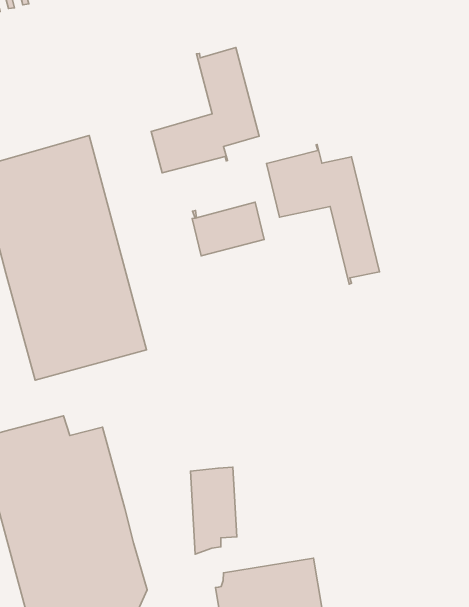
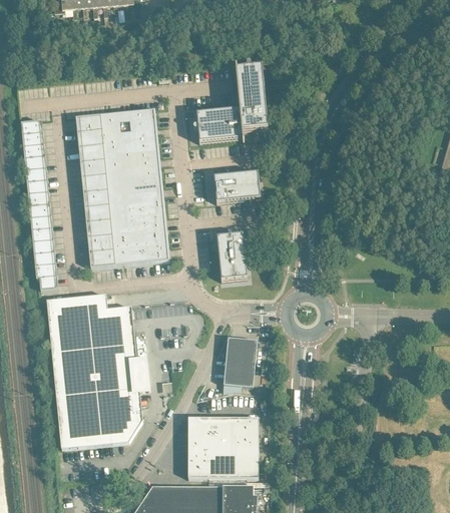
building: [267,145,379,284] -> none
building: none -> [216,233,247,281]
building: [190,467,237,554] -> [221,338,257,394]

